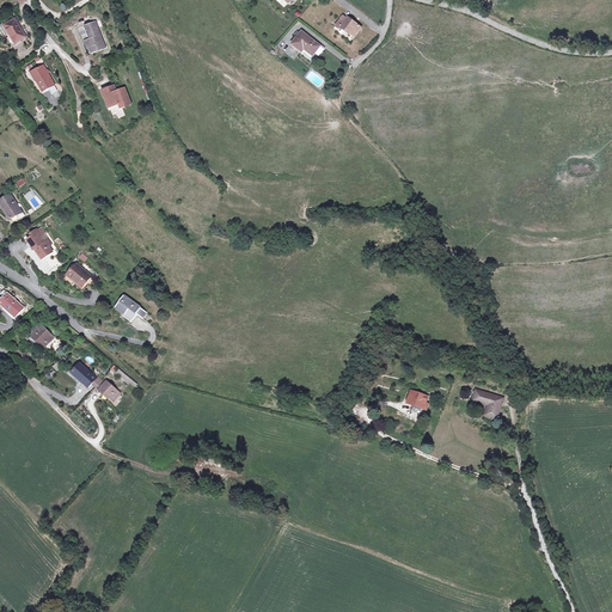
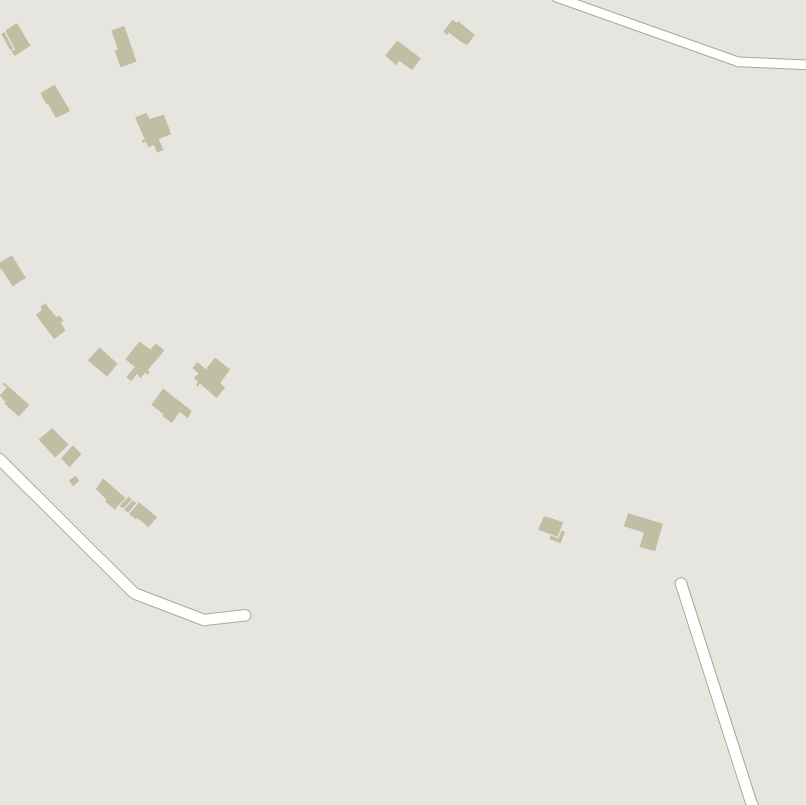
building: none -> [124,340,166,382]
building: none -> [192,357,231,399]

